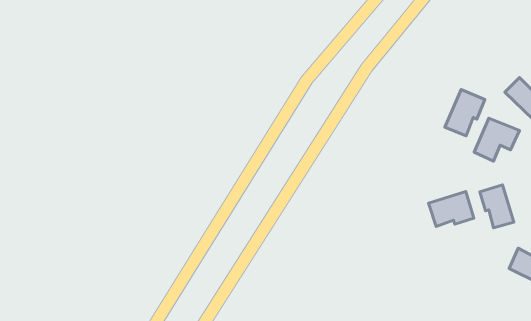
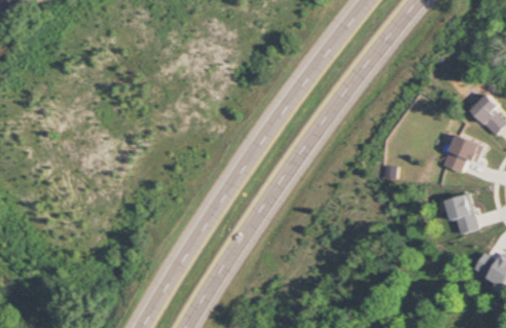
building: [445,89,485,136] -> none
building: [428,192,474,227] -> none

